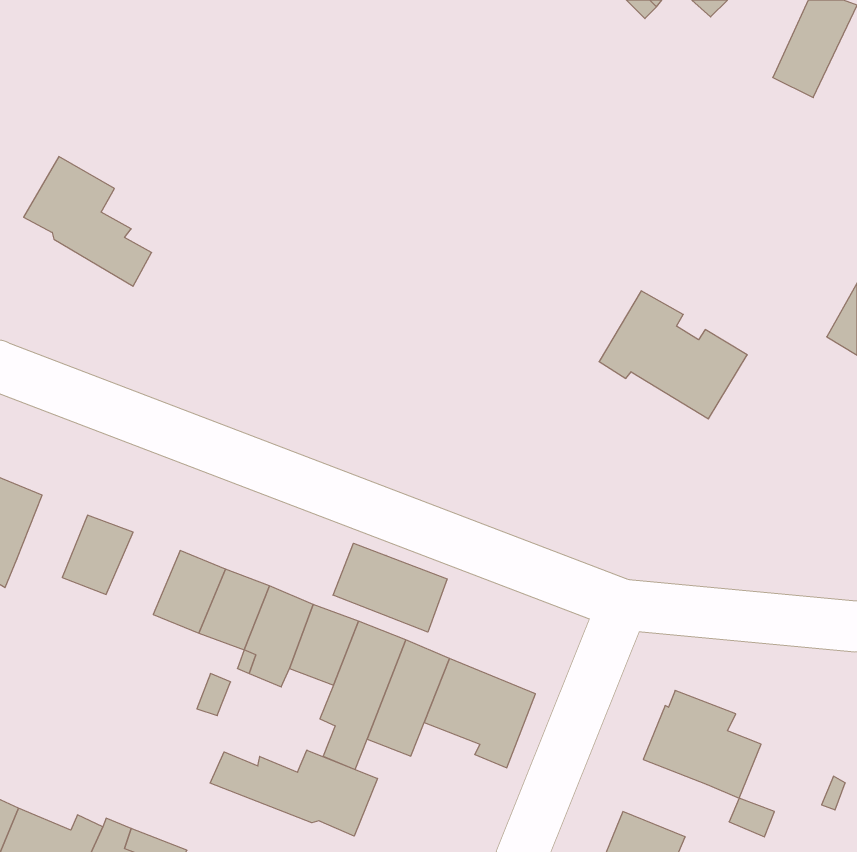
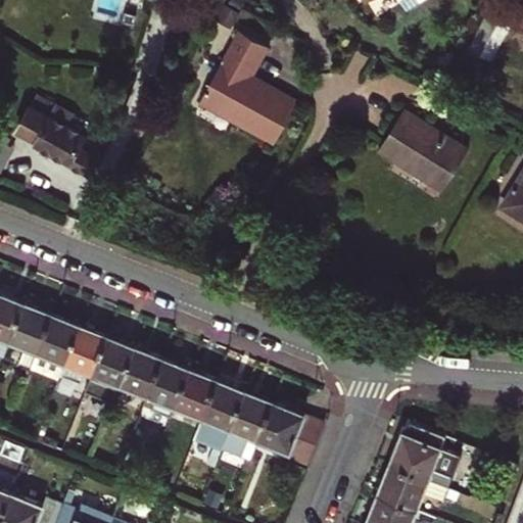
building: none -> [200,34,295,143]
building: [599,291,747,419] -> [378,111,468,189]
building: none -> [10,305,53,372]
building: none -> [59,328,109,388]
building: [333,543,447,632] -> none
building: [210,750,377,836] -> none
building: none -> [378,466,429,513]

